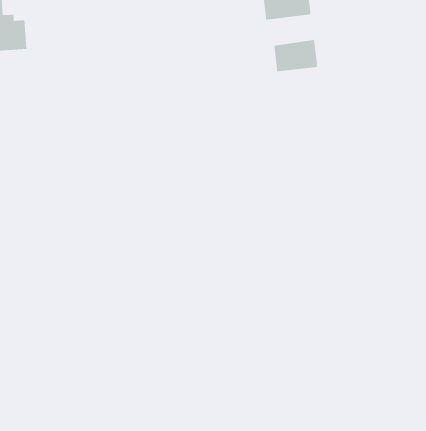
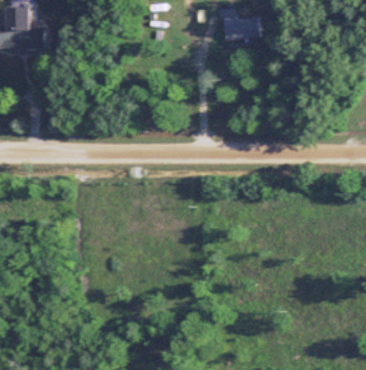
building: [274,39,318,72] -> none

